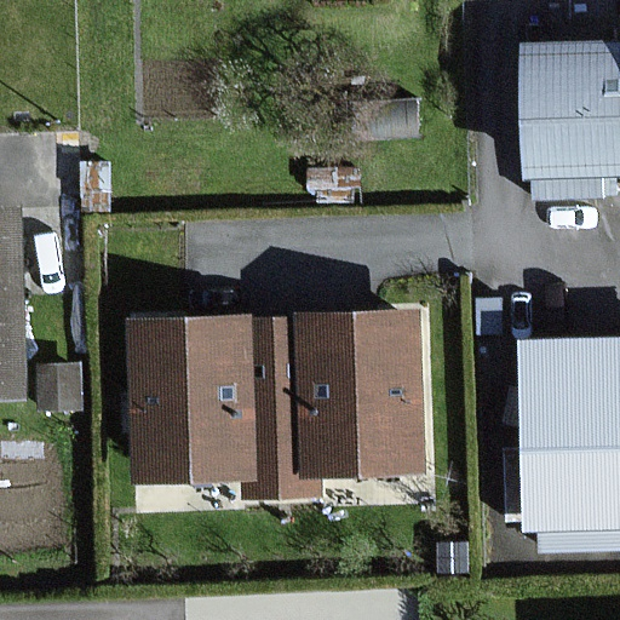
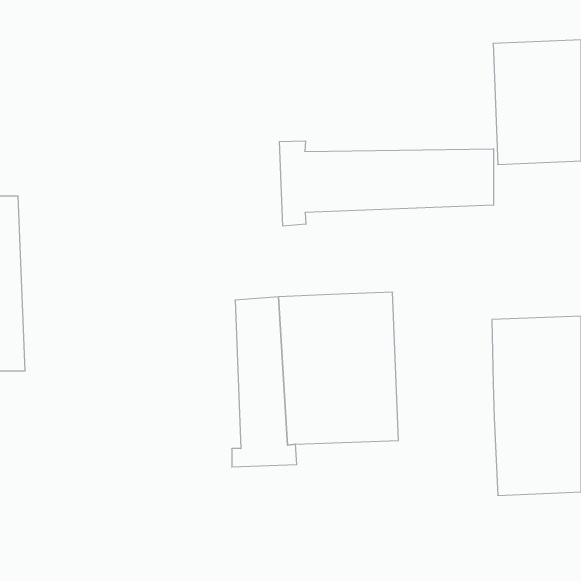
building: none -> [279,141,494,226]
building: [131,321,256,481] -> none

